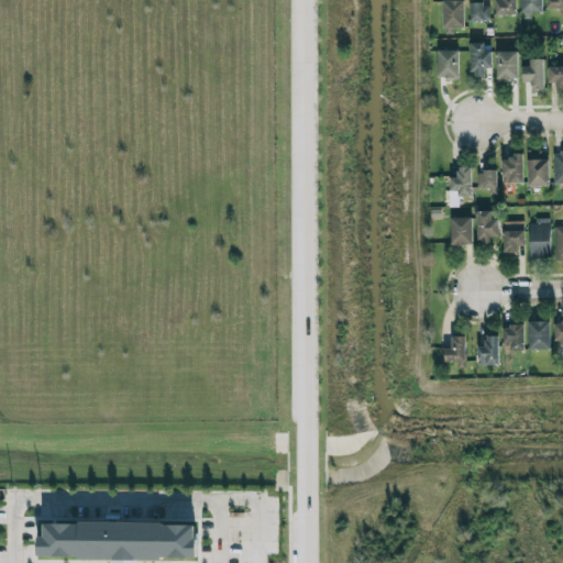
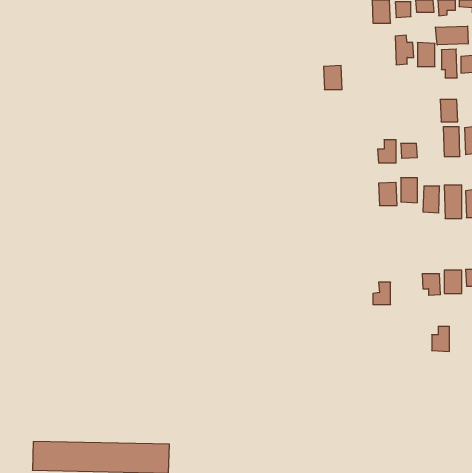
building: none -> [436,26,468,45]
building: [438,49,460,78] -> [324,66,342,90]
building: [503,156,523,183] -> [440,100,458,122]
building: [477,335,498,365] -> [432,326,449,351]

